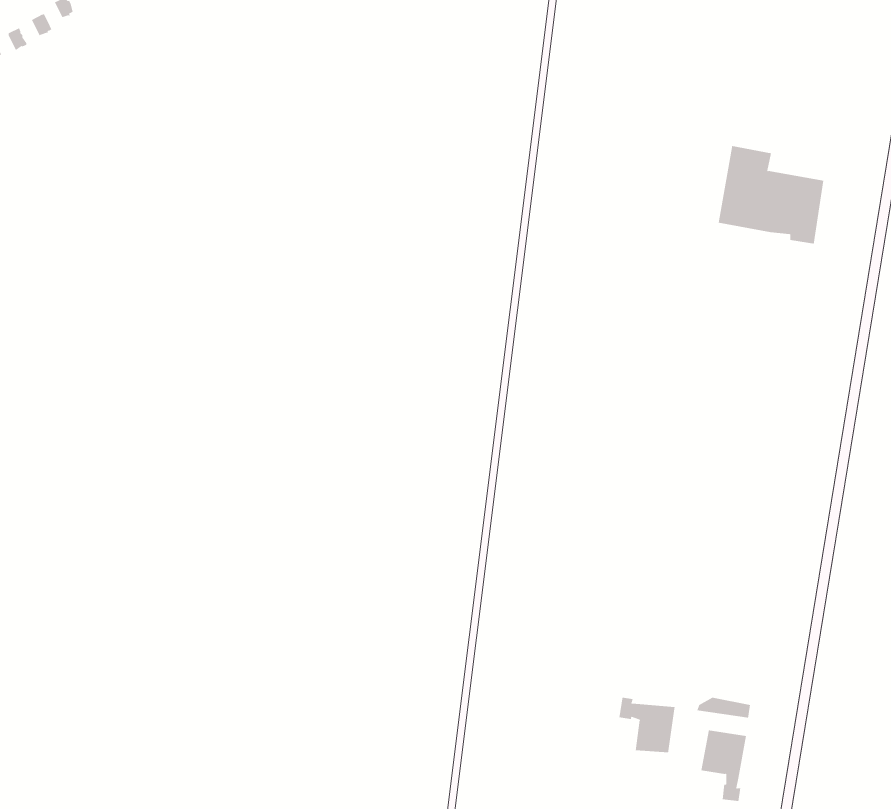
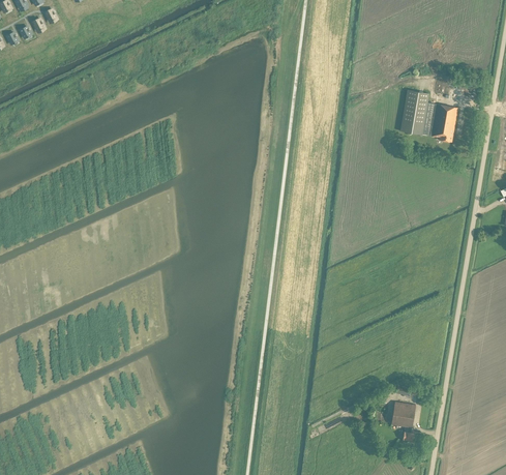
building: [619,697,675,753] -> none

